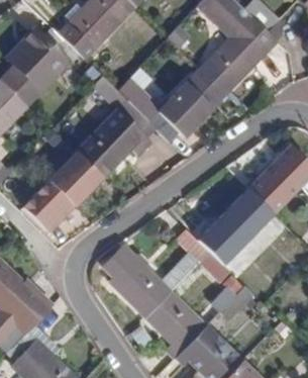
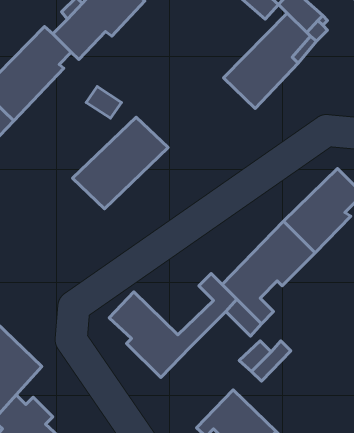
building: [127,70,225,143] -> none
building: [22,153,101,231] -> none
building: [147,292,207,352] -> none

